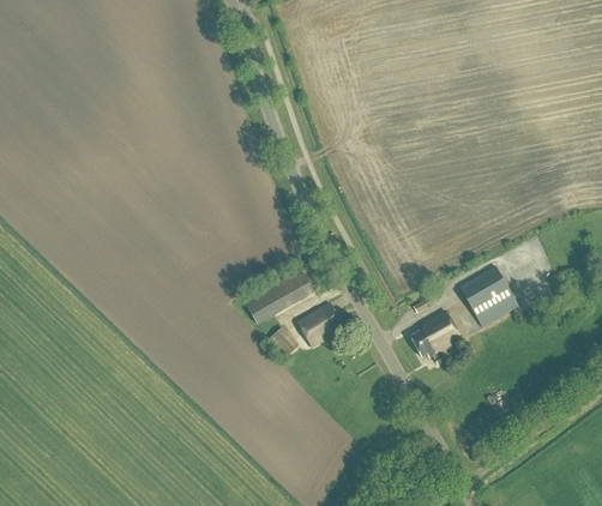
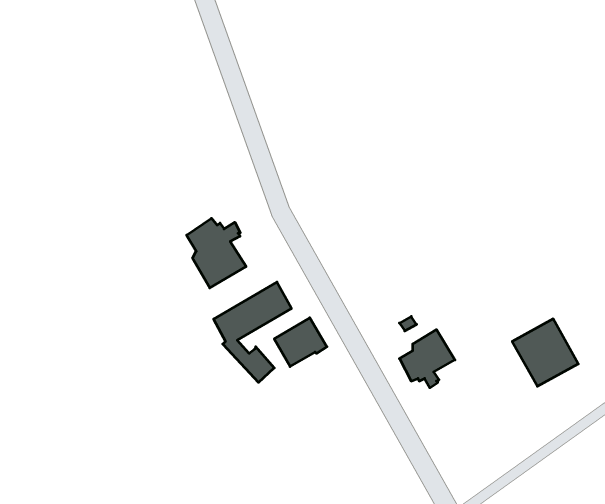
building: none -> [187,218,246,288]
building: [458,265,518,326] -> [512,319,578,386]

